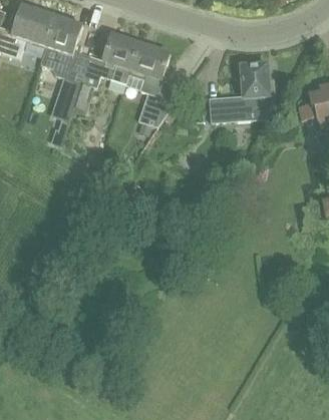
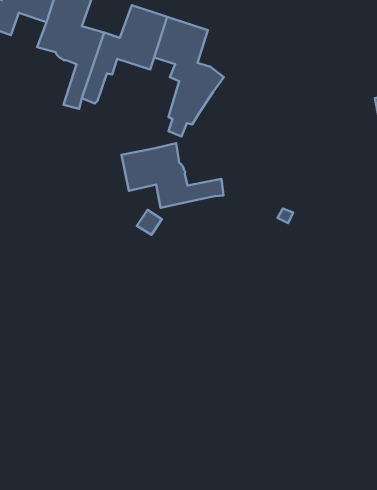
building: [208,60,274,119] -> none
building: none -> [121,143,224,208]

